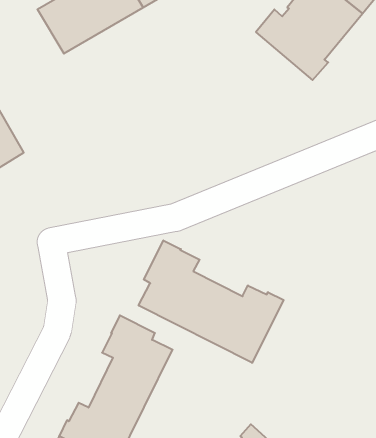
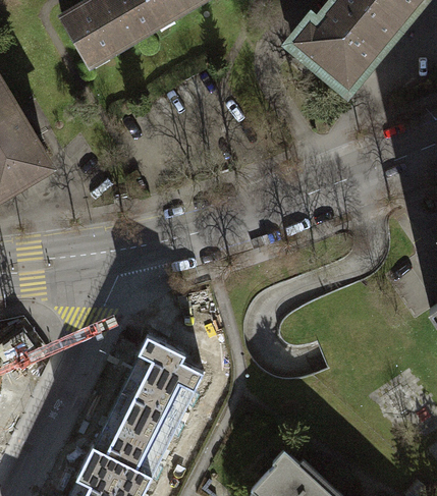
building: [139,240,284,363] -> none

